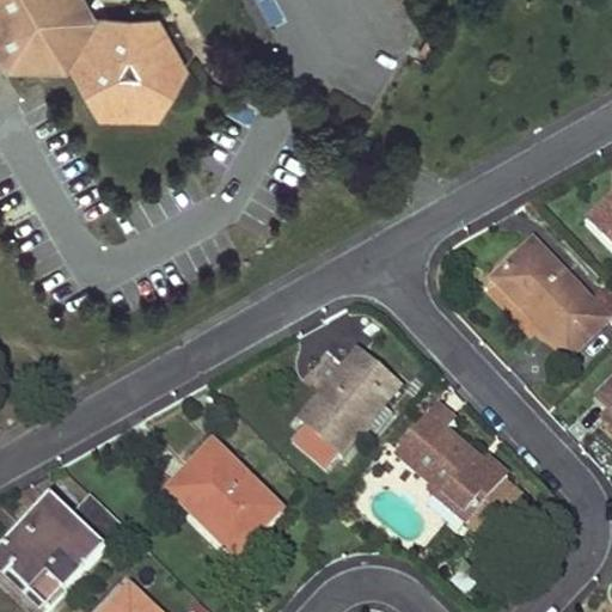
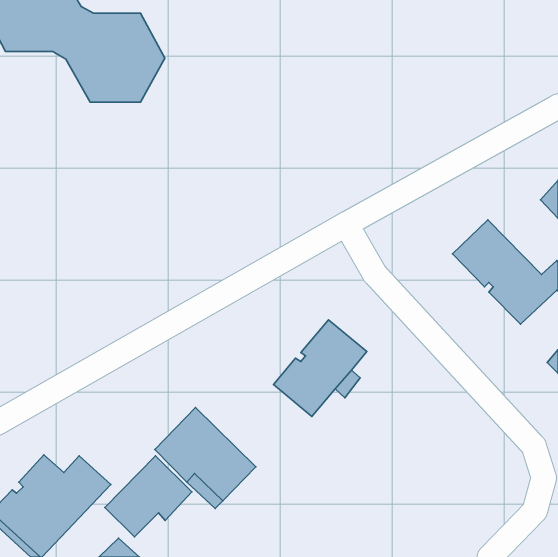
building: [393,405,506,520] -> none
building: none -> [105,456,192,537]

